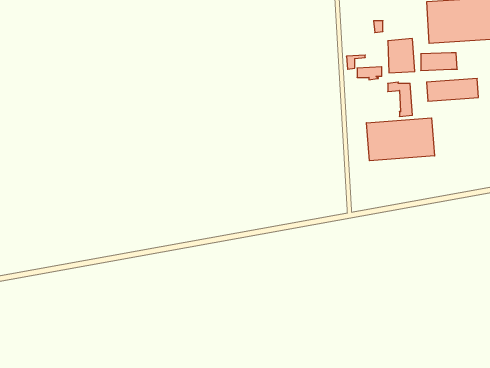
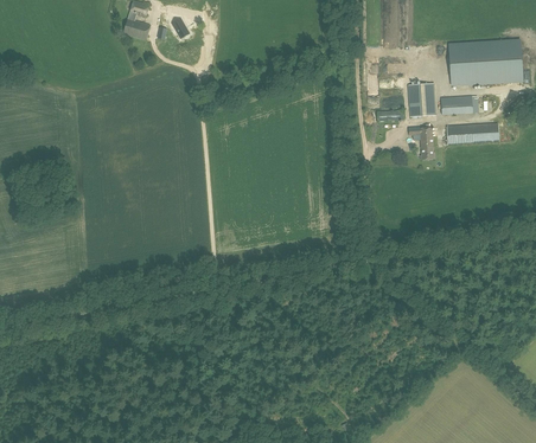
building: [366,118,435,161] -> none

